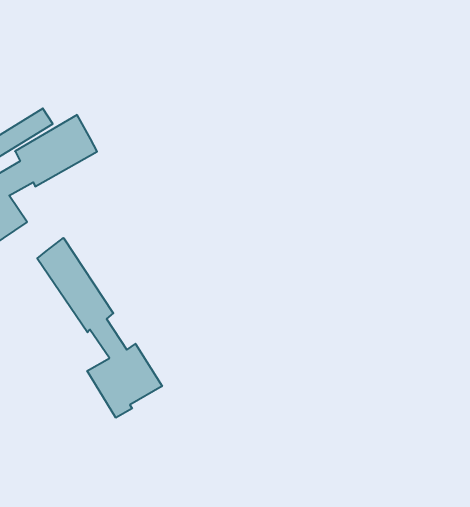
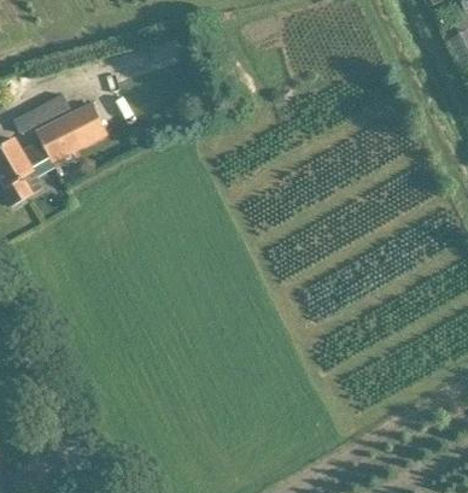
building: [37,238,162,418] -> none

